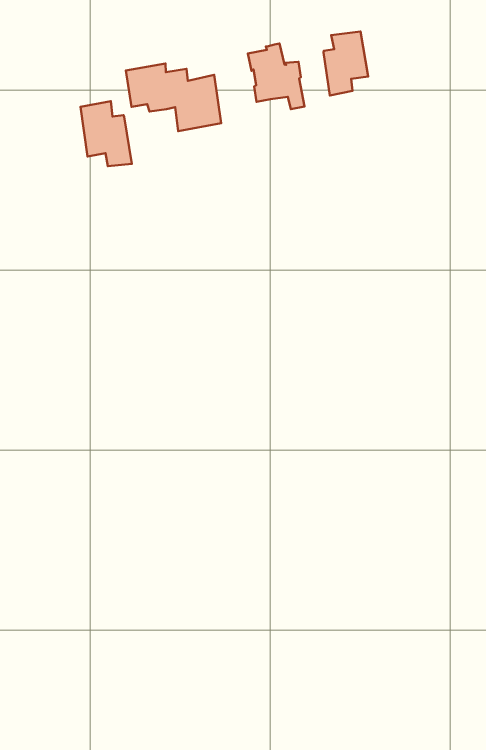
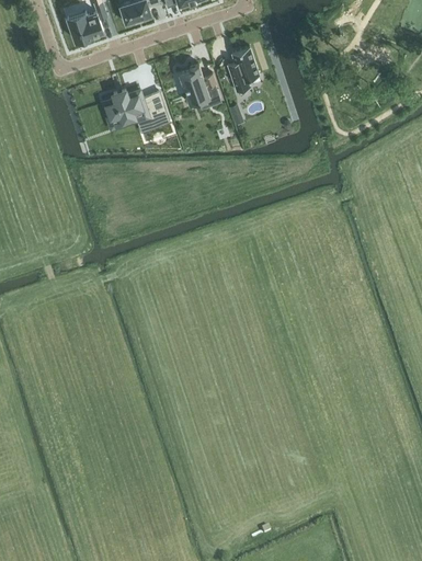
building: [81,101,132,166] -> none

